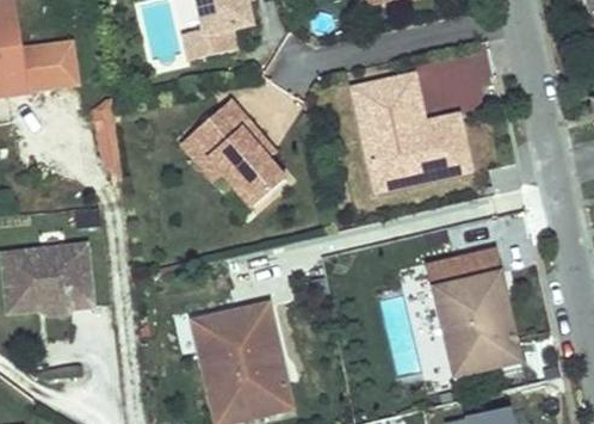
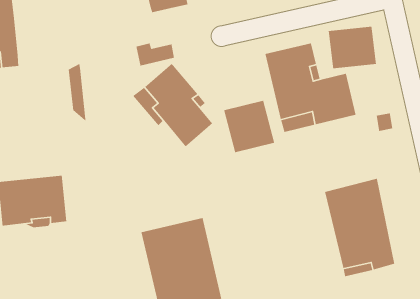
building: [182,27,234,59] -> [135,43,175,66]
building: [26,38,76,90] -> none
building: none -> [223,100,275,153]

